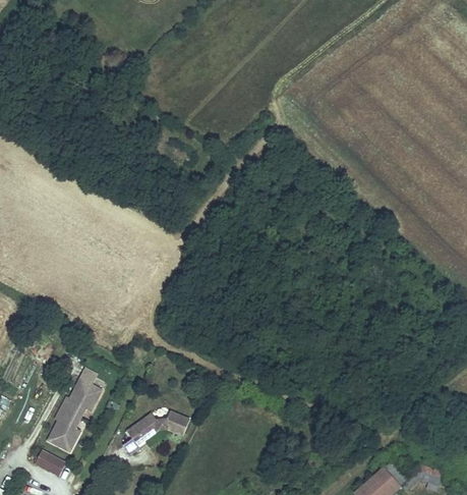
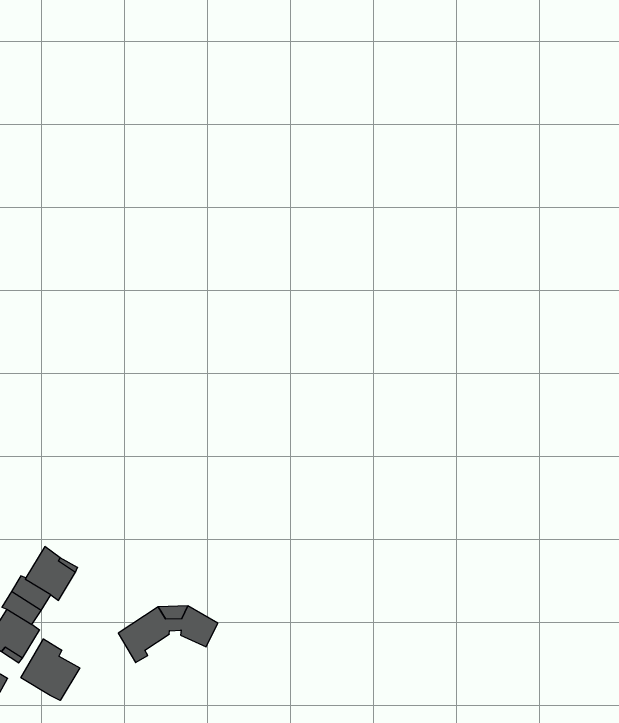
building: none -> [21,639,80,700]

